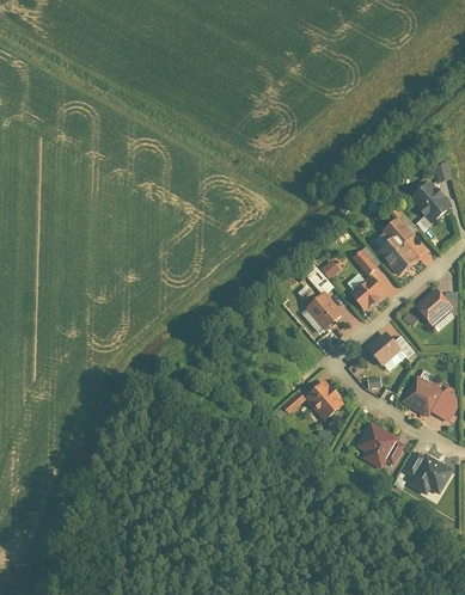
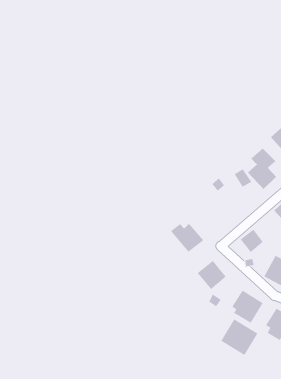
building: [349,272,387,311] -> none
building: [298,289,347,332] -> [170,223,204,253]
building: none -> [221,318,258,356]

